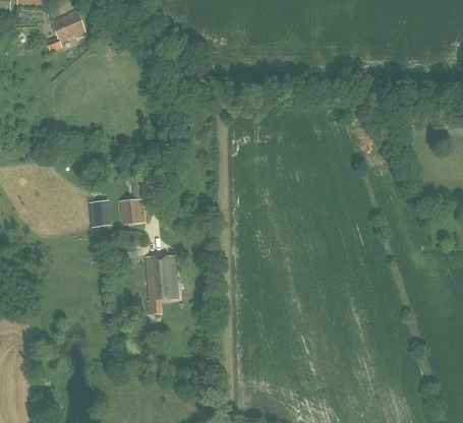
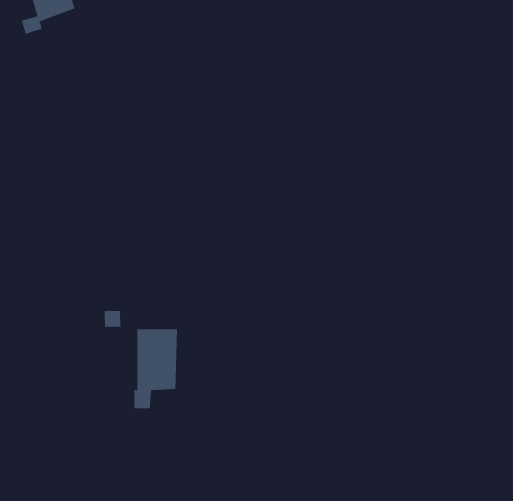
building: [119,183,146,224] -> none
building: [89,199,112,227] -> none

